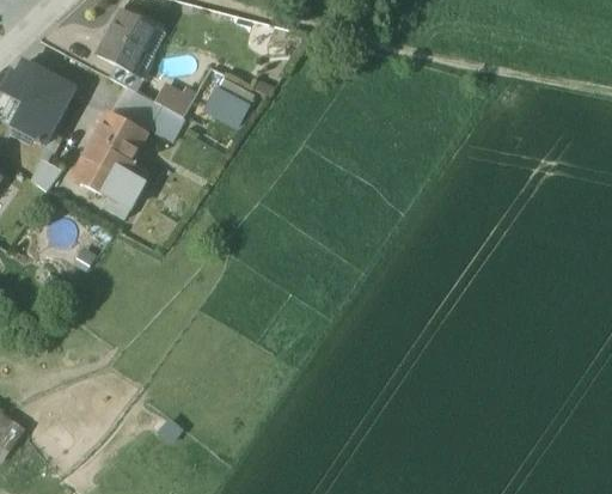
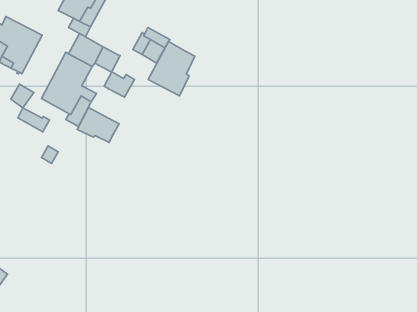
building: [153,80,196,116] -> [104,72,135,97]
building: none -> [148,42,195,96]
building: none -> [77,107,119,142]
building: none -> [18,108,49,132]

